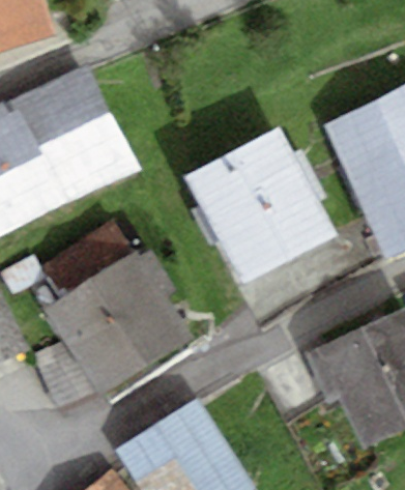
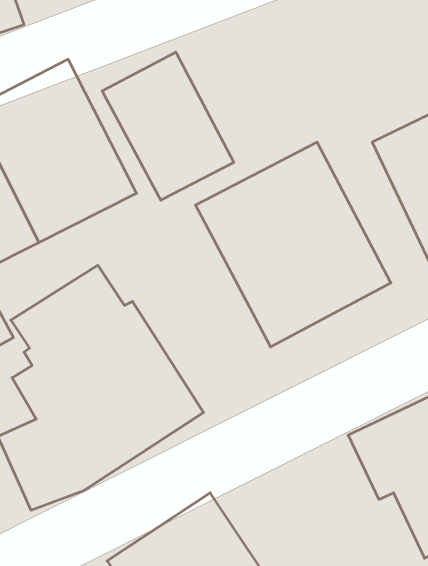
building: none -> [102,52,234,200]

